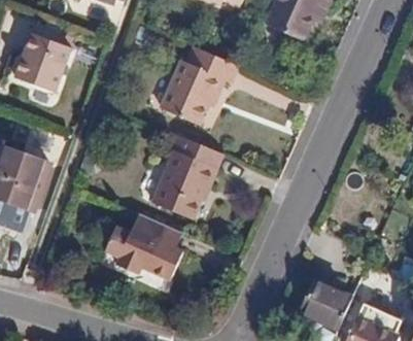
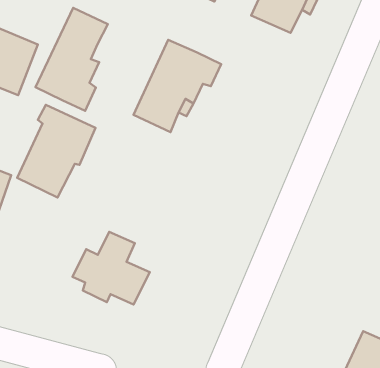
building: none -> [36,8,108,111]
building: [149,135,219,217] -> [17,105,96,197]
building: [300,277,353,329] -> none

